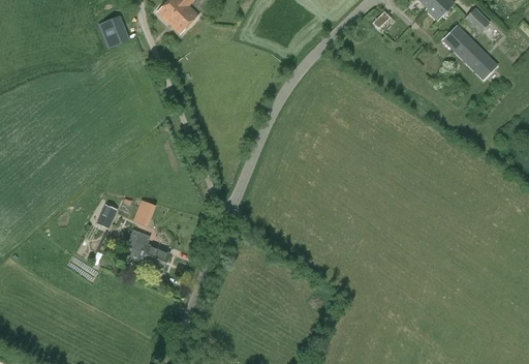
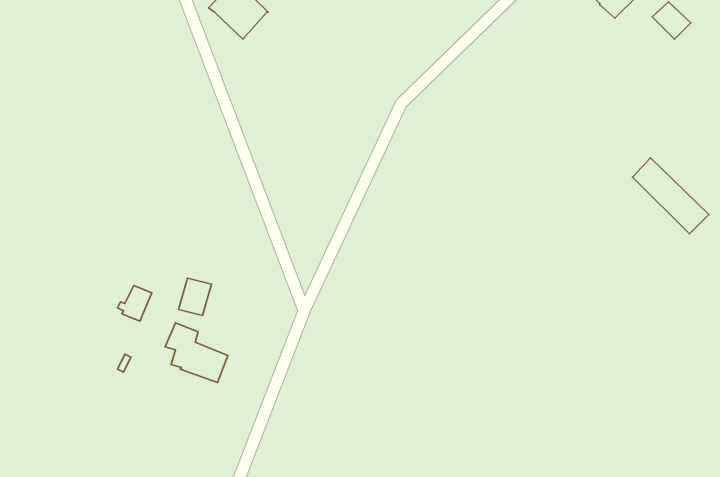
building: [97,16,129,48] -> none
building: [443,26,496,79] -> [633,158,709,234]

